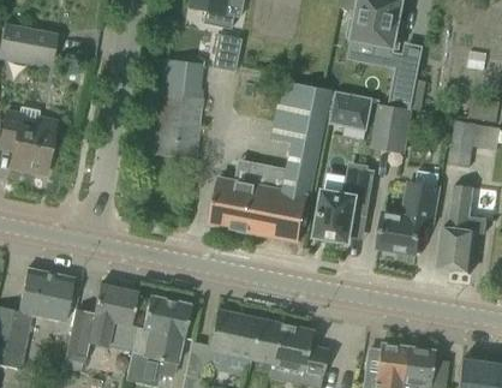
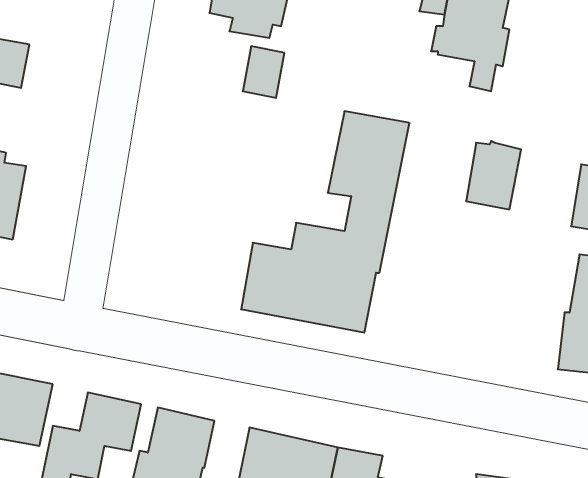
building: [154,59,203,160] -> none
building: [390,67,418,109] -> none
building: [329,91,373,127] -> none
building: [378,171,440,253] -> none
building: [316,174,373,239] -> none

